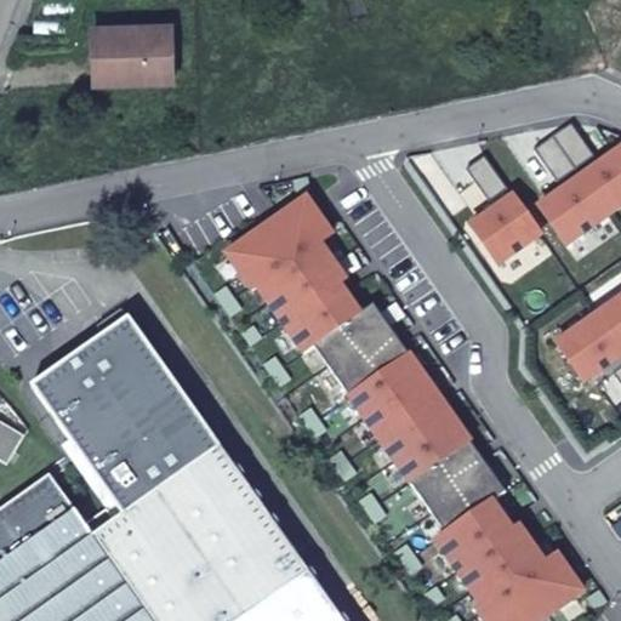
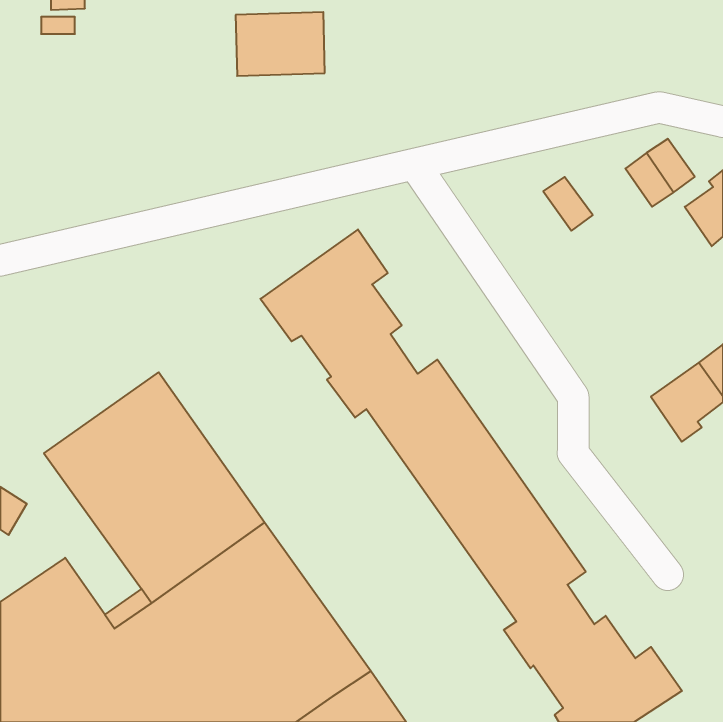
building: [96,23,172,78] -> [236,12,325,76]
building: [541,177,610,240] -> none
building: [471,198,540,261] -> none

